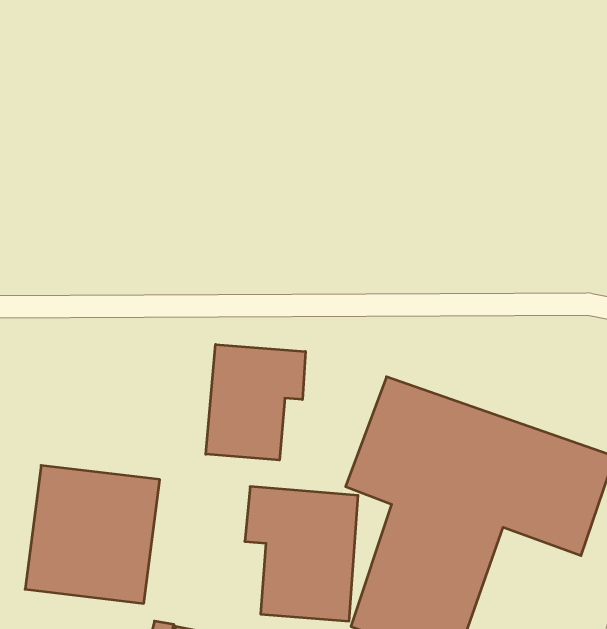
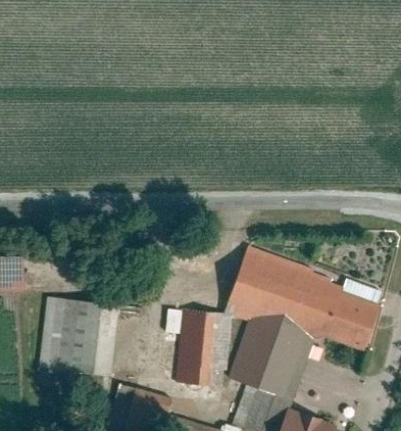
building: [206,344,305,460] -> none

